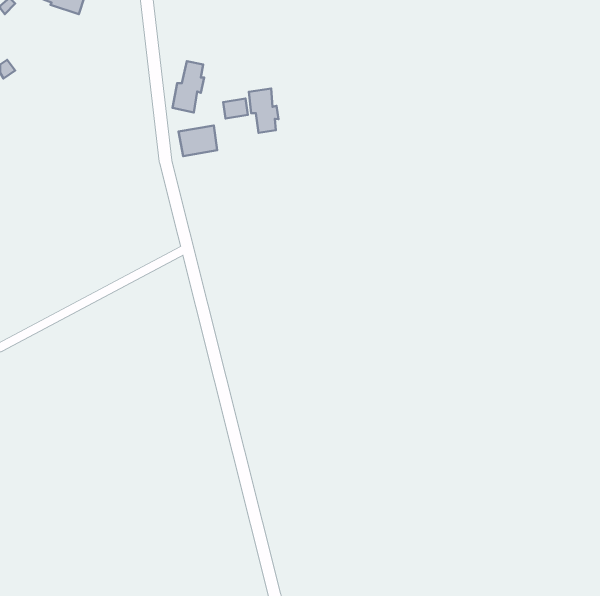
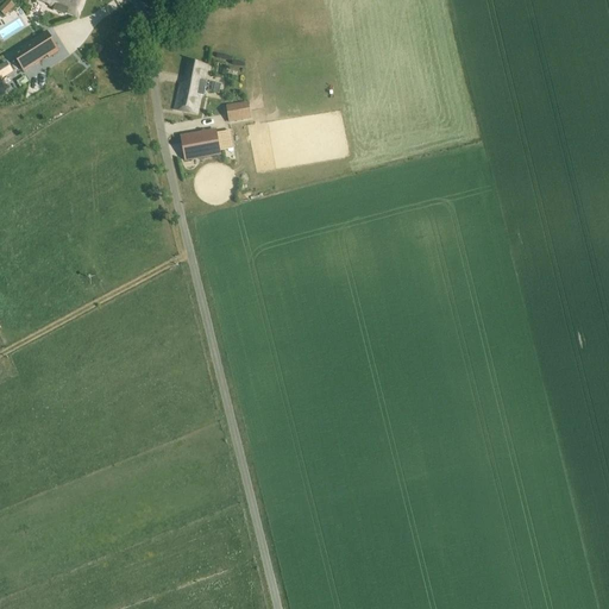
building: none -> [12,29,59,70]
building: [249,88,279,133] -> none

